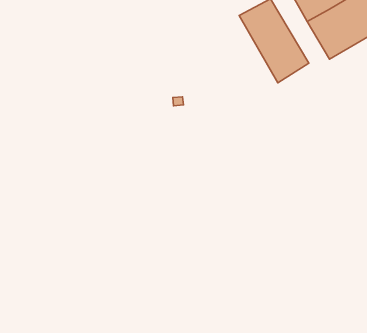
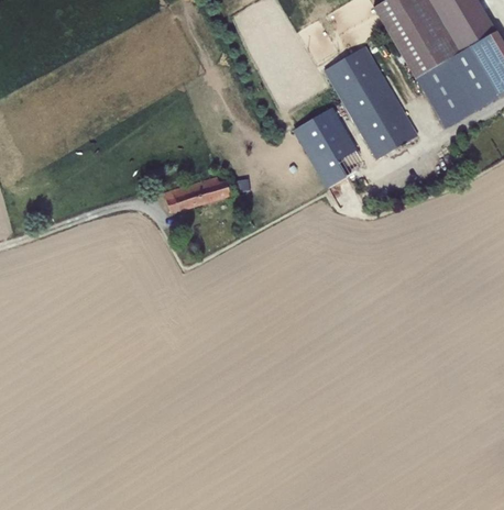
building: none -> [292,107,365,187]
building: none -> [164,175,231,212]

